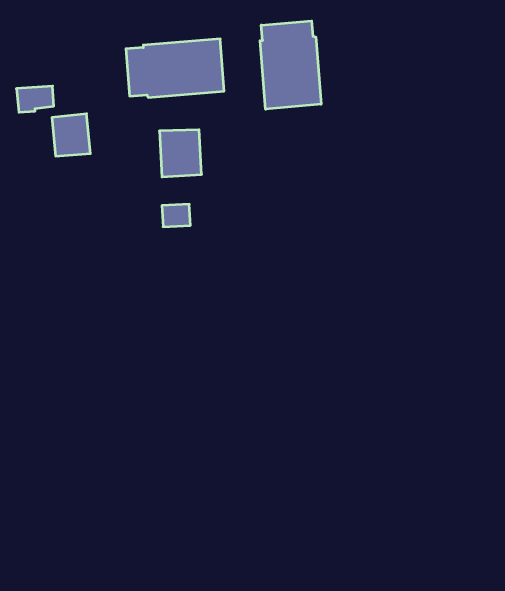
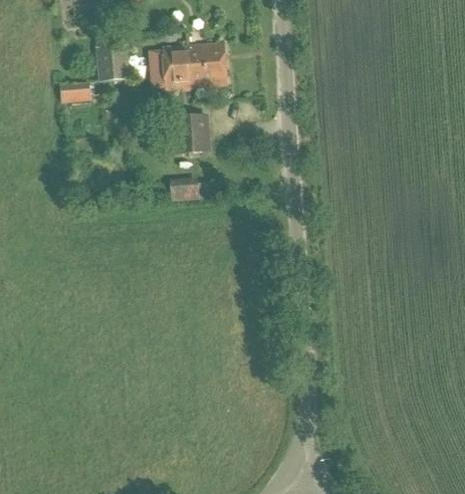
building: [260,21,321,109] -> none
building: [52,114,90,156] -> [97,46,129,80]

